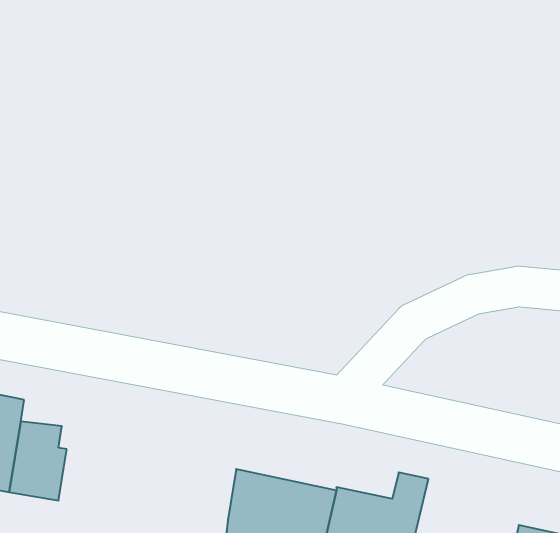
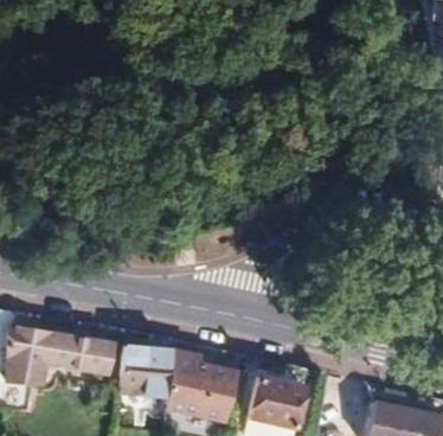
building: none -> [45,329,116,372]
building: none -> [121,333,175,397]

